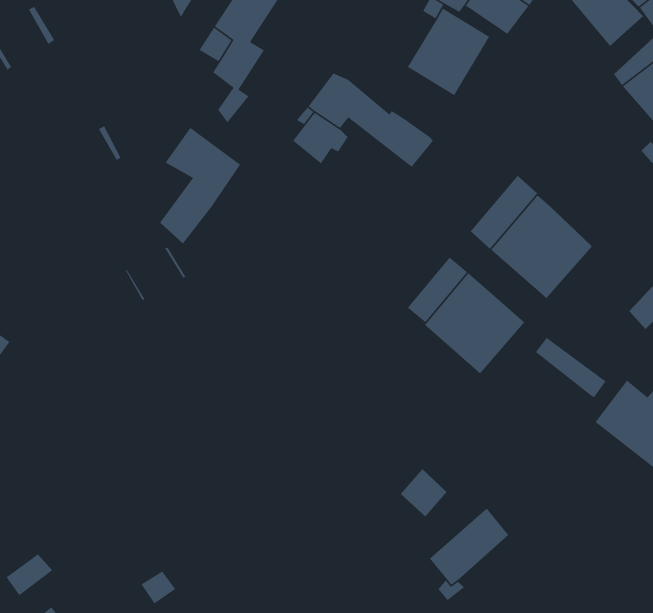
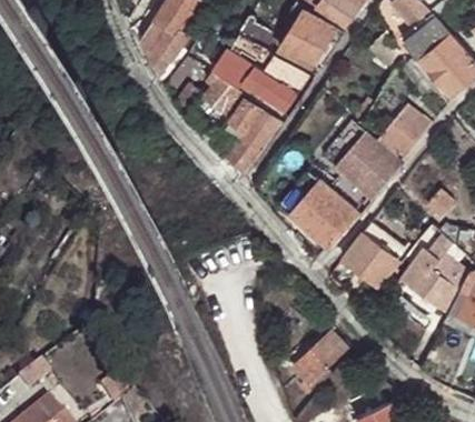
building: none -> [249,42,307,91]
building: [159,127,241,245] -> [225,98,278,174]
building: none -> [376,103,432,162]
building: none -> [344,232,399,287]

